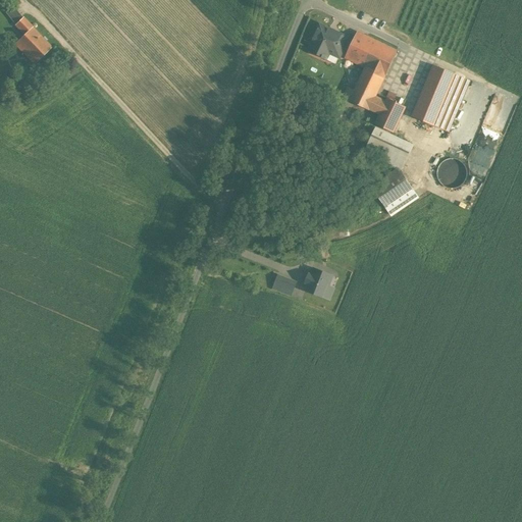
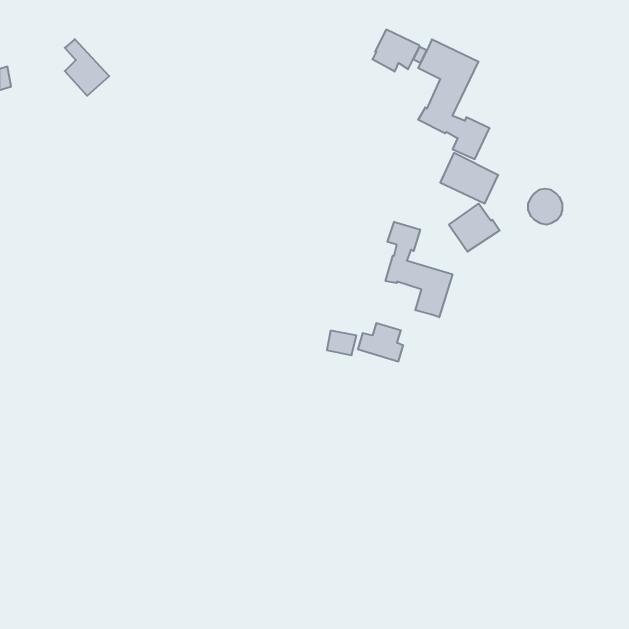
building: [14,16,51,63] -> [65,39,109,96]
building: [411,64,469,132] -> none
building: none -> [386,222,452,317]

